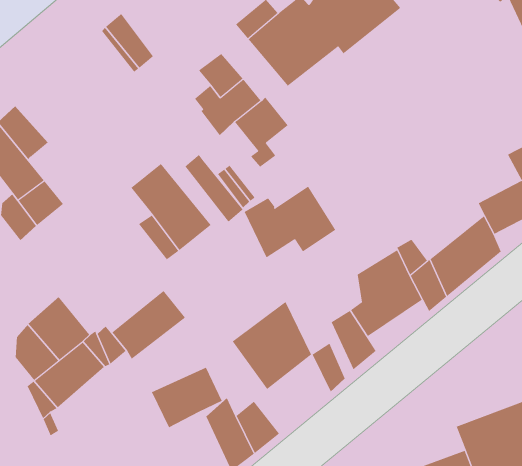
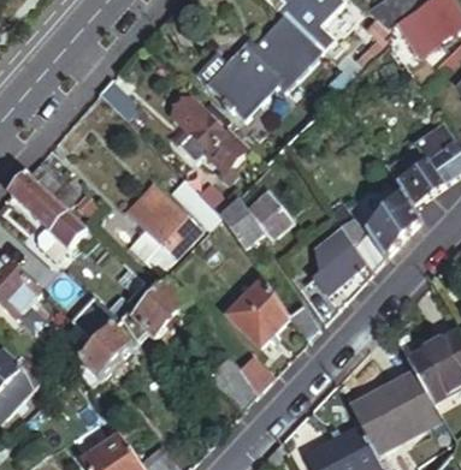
building: [151,367,223,428] -> none

